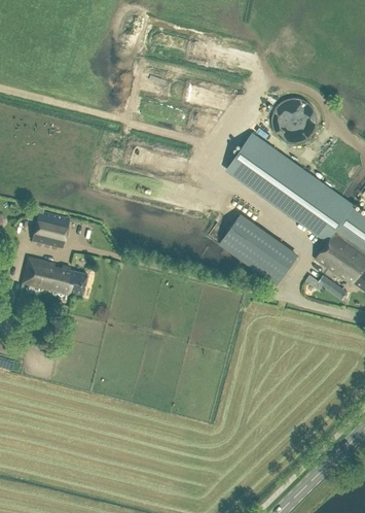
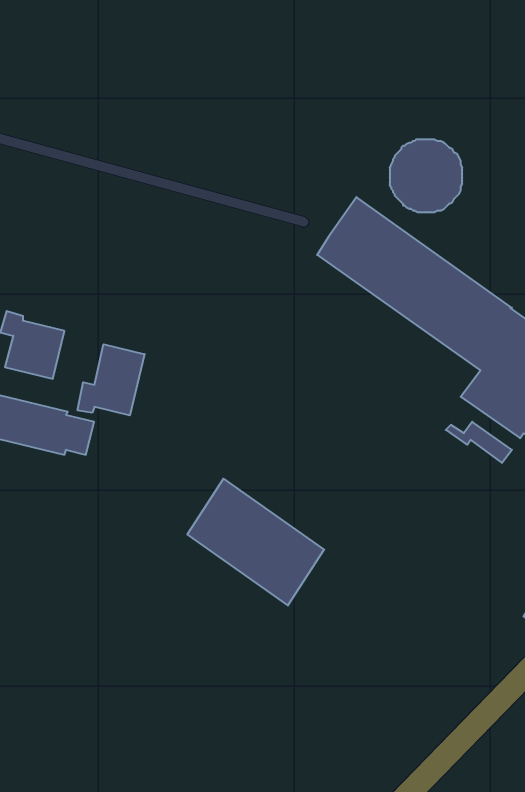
building: [212,209,297,288] -> [187,479,324,606]
building: none -> [78,344,145,415]

